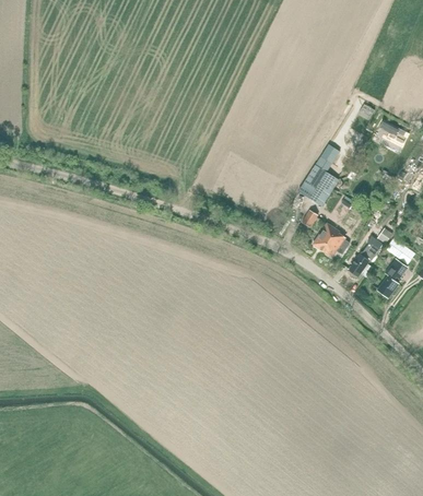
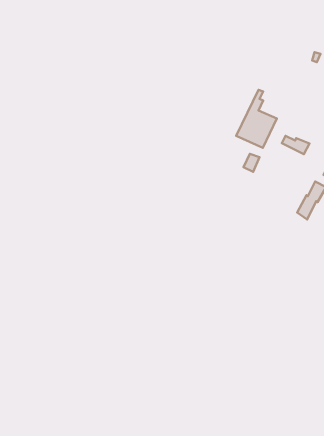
building: [314,223,351,256] -> none

